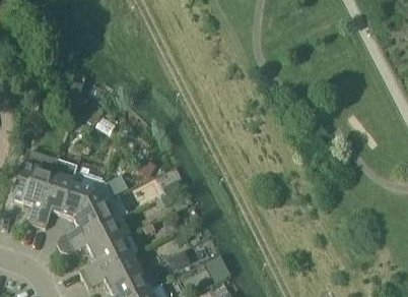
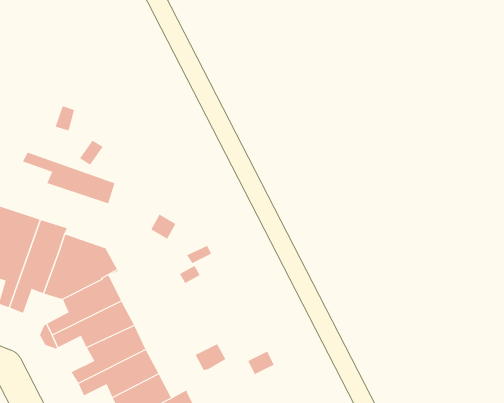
building: none -> [22,152,115,204]

